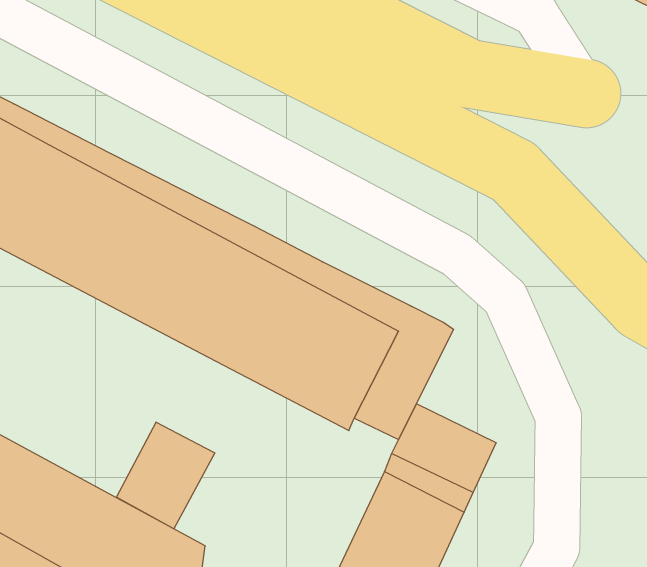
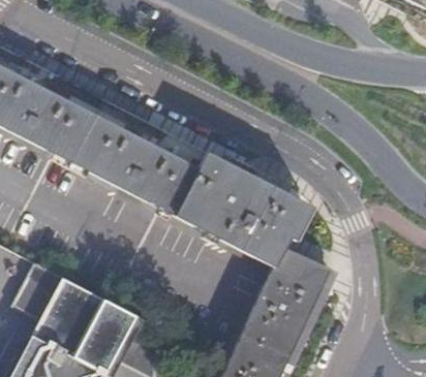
building: [116,422,215,529] -> none

